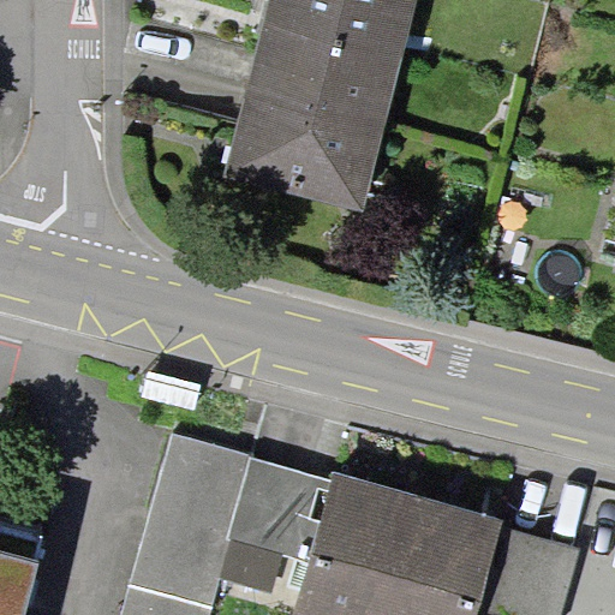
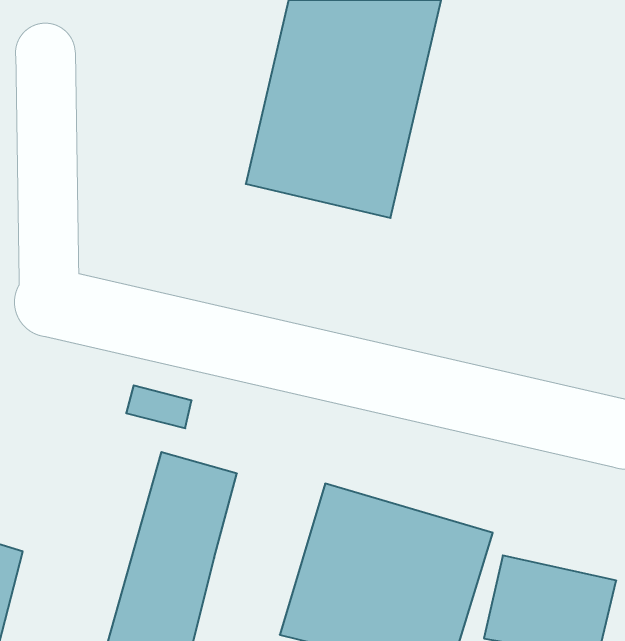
building: [204,454,295,553] -> none

